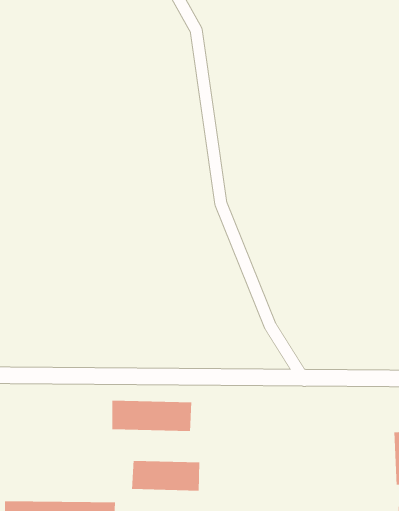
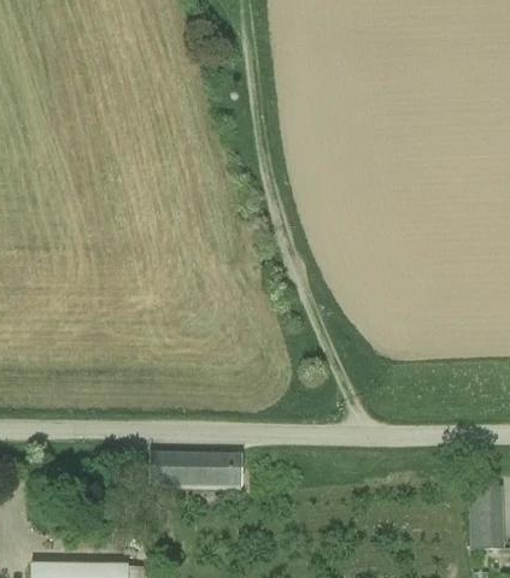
building: [131,460,200,491] -> none

